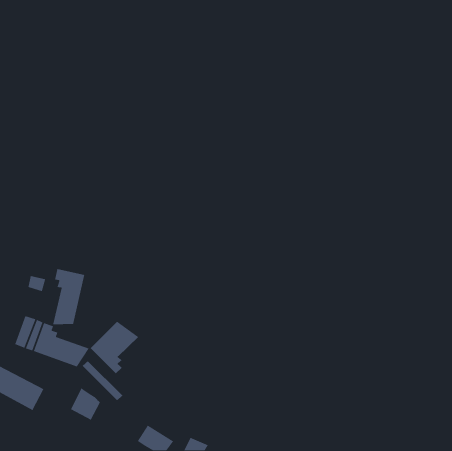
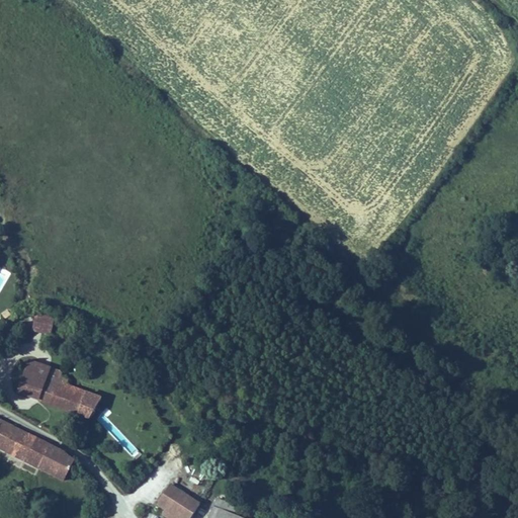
building: [52,268,85,325] -> none
building: [90,321,139,374] -> none
building: [70,387,101,421] -> [37,443,73,482]

